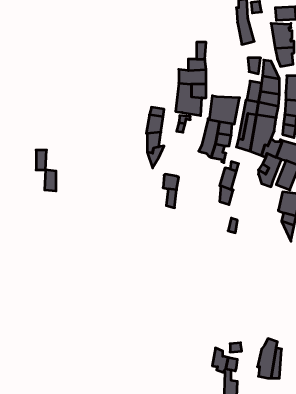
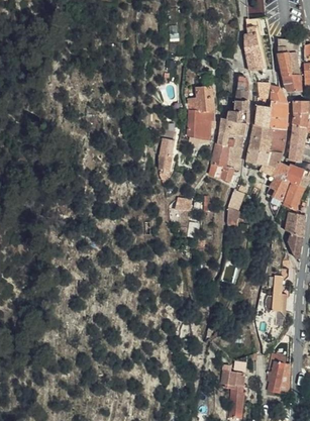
building: none -> [225,76,247,122]
building: none -> [263,270,287,316]

